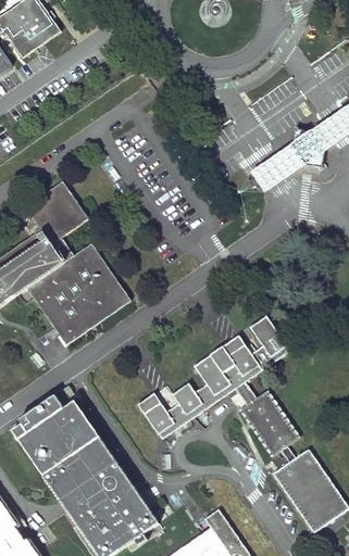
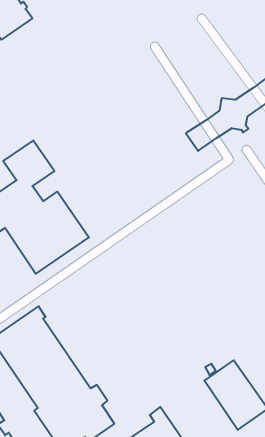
building: [138,315,299,455] -> none

